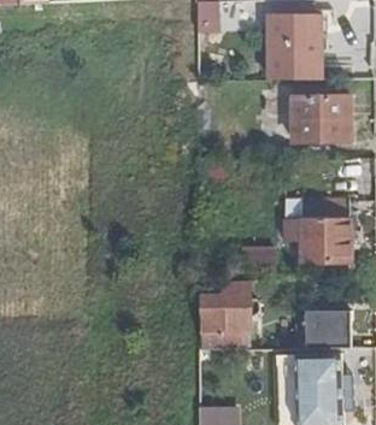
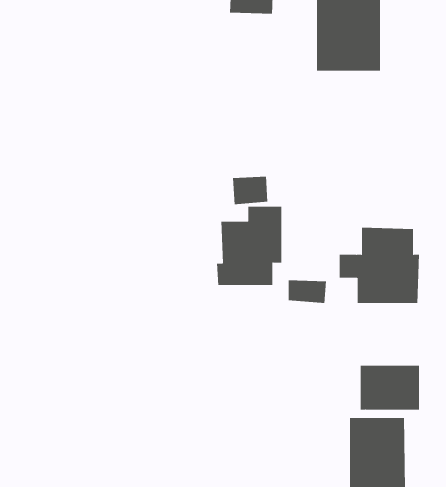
building: [293,98,351,141] -> none
building: [198,285,251,349] -> [216,206,282,286]

